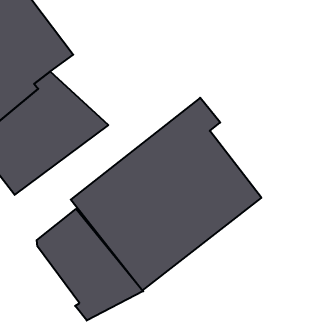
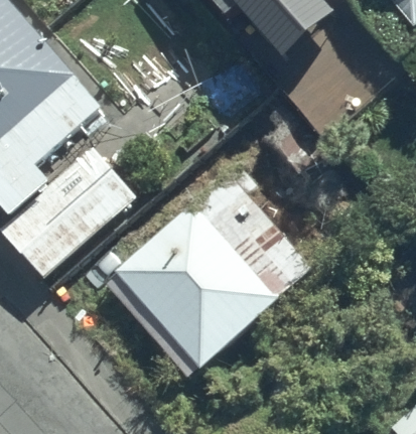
building: [37,209,143,321] -> none

